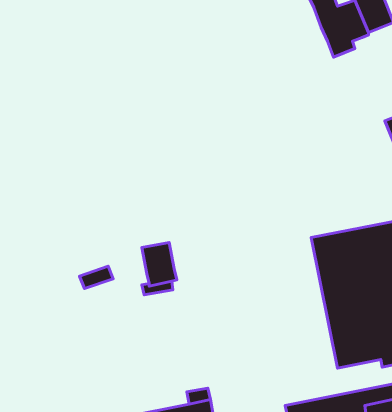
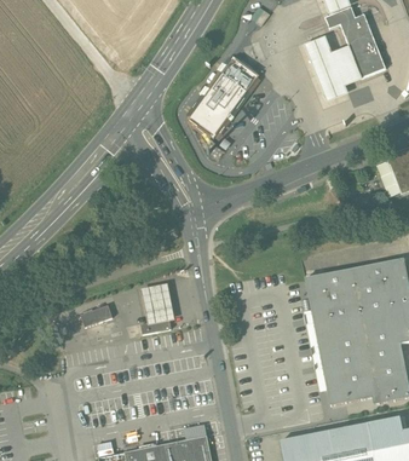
building: none -> [188,57,259,138]

